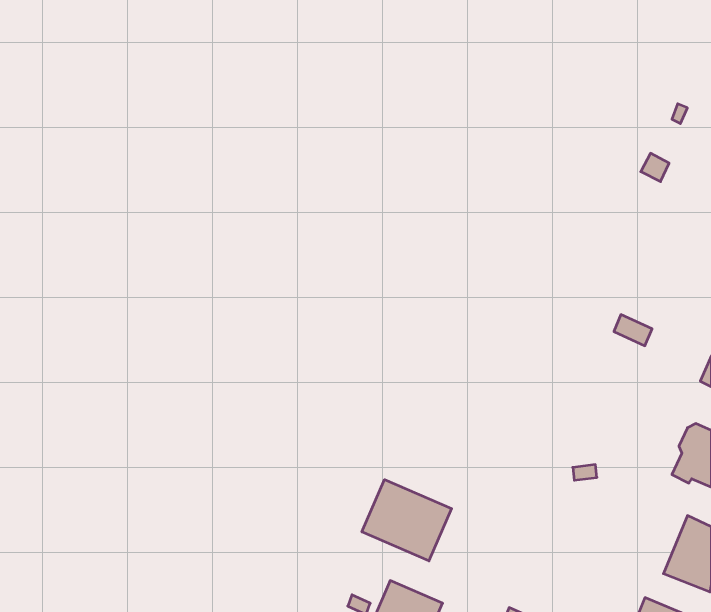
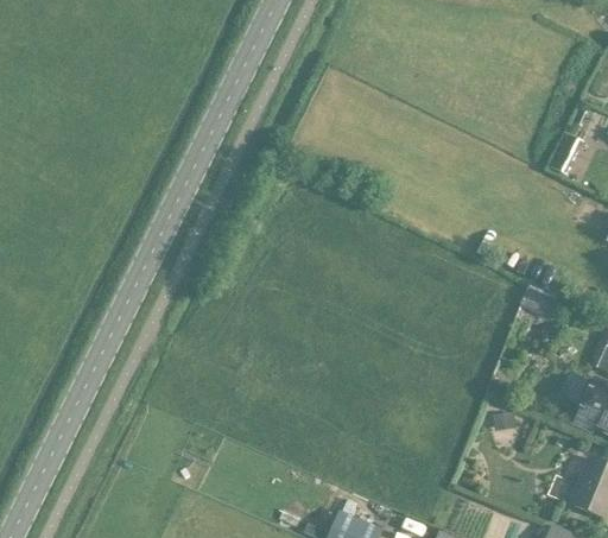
building: [362,480,452,561] -> none

